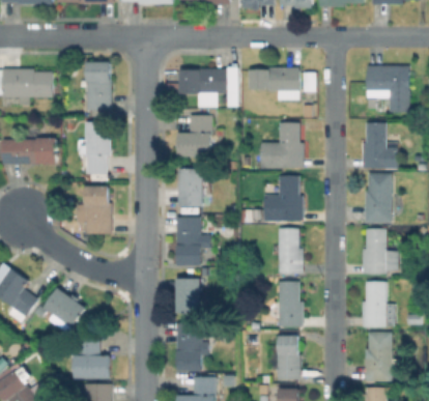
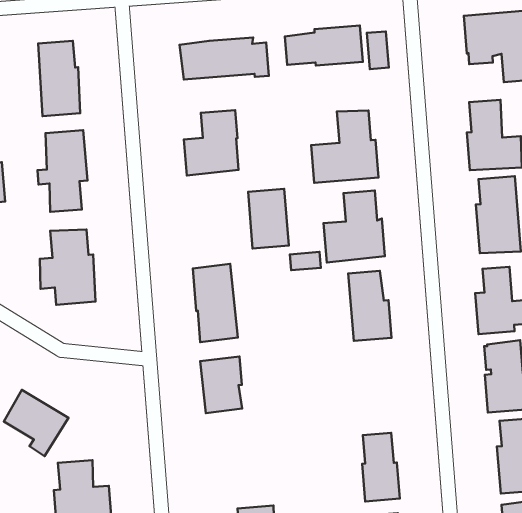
building: [179,169,203,206] -> [248,189,289,249]
building: [279,282,304,326] -> none
building: [175,323,208,371] -> none

